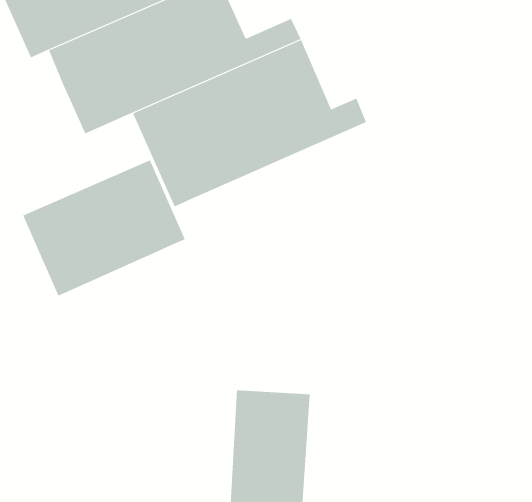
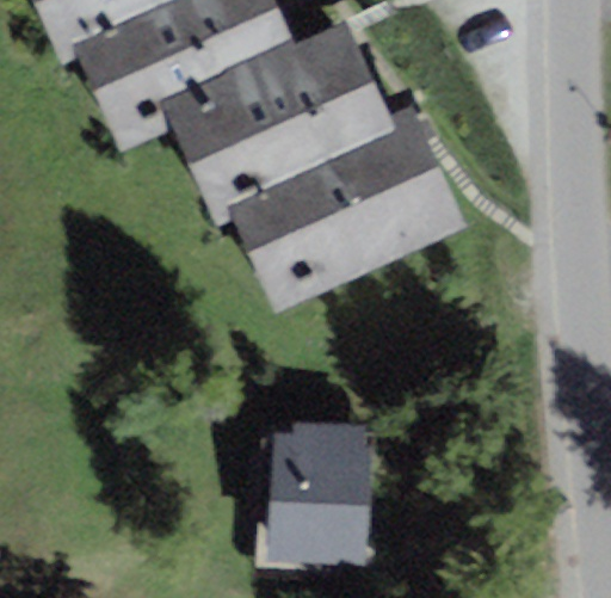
building: none -> [234,135,468,313]
building: [22,160,186,297] -> none

